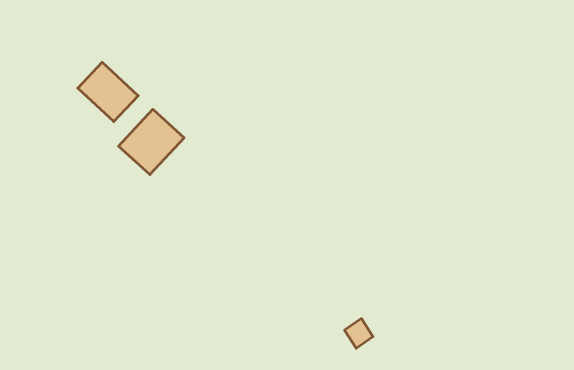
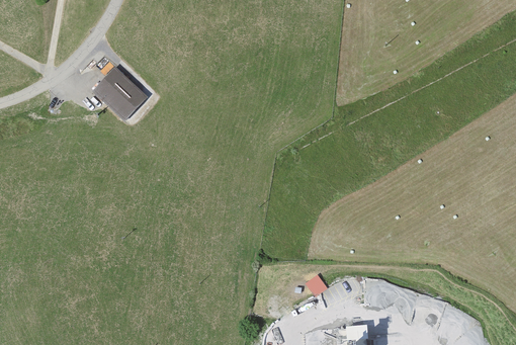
building: [119,109,184,175] -> none

